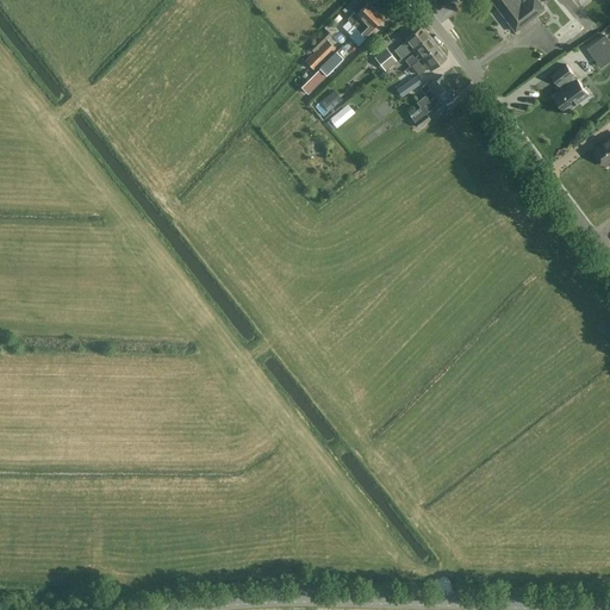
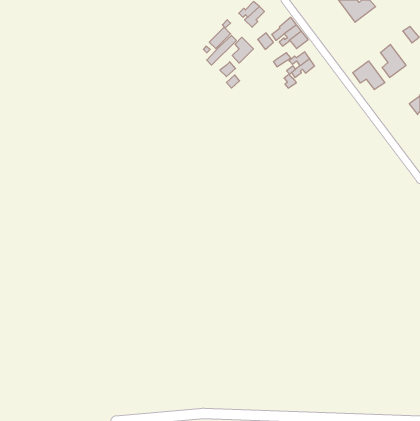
building: none -> [232,37,253,63]
building: none -> [353,61,385,90]

